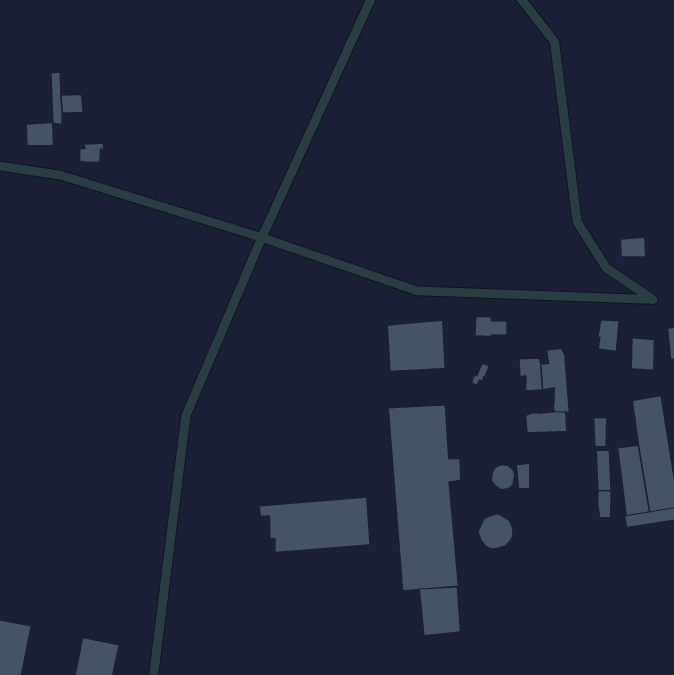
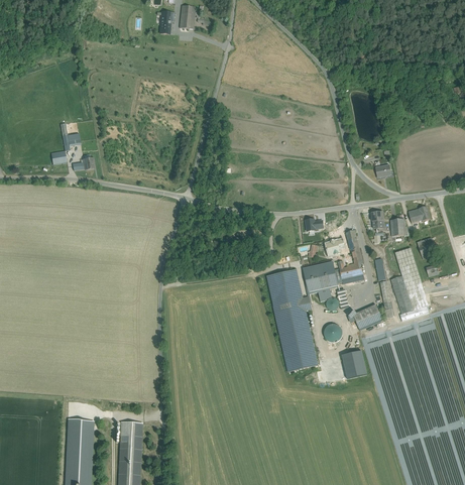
building: [387,320,445,371] -> [304,260,338,291]
building: none -> [353,304,383,330]
building: [260,497,370,553] -> none
building: [419,587,460,635] -> [342,350,367,378]

